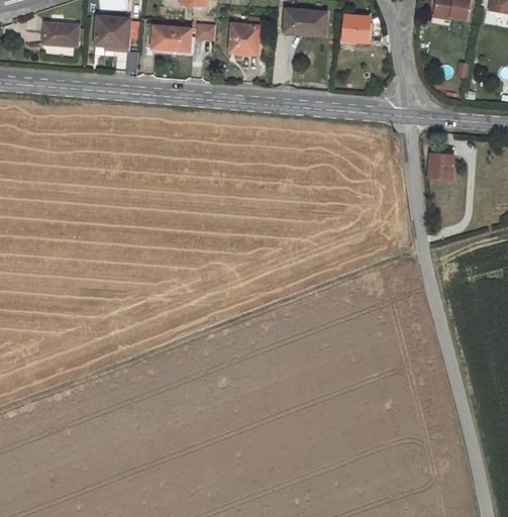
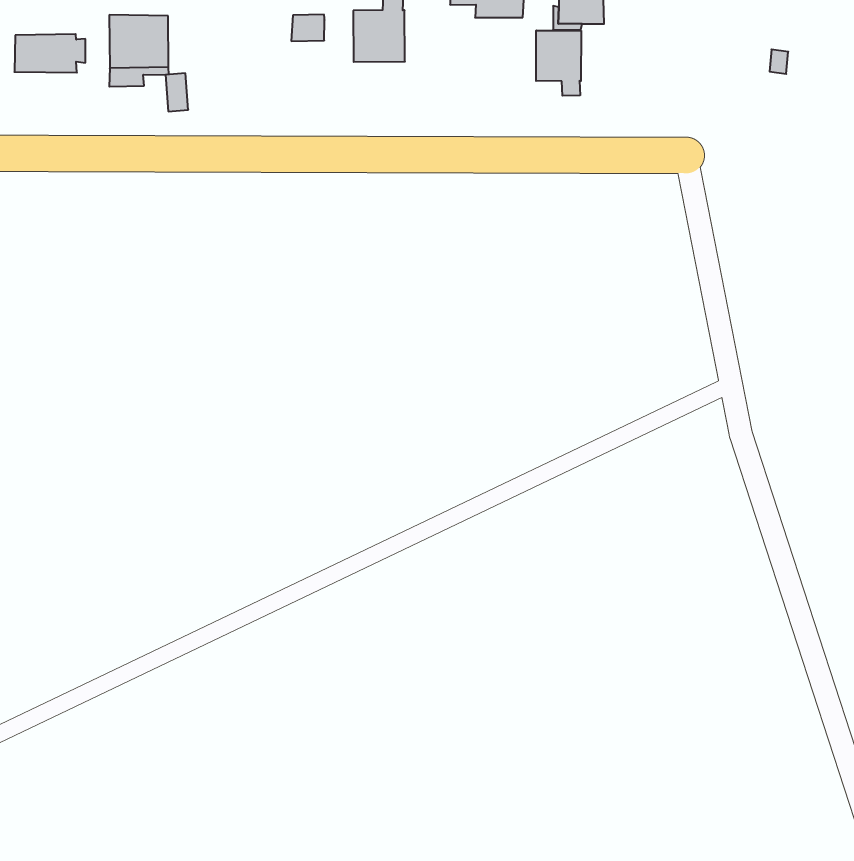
building: [145,25,192,51] -> none
building: none -> [536,30,581,96]
building: [429,154,452,178] -> none

